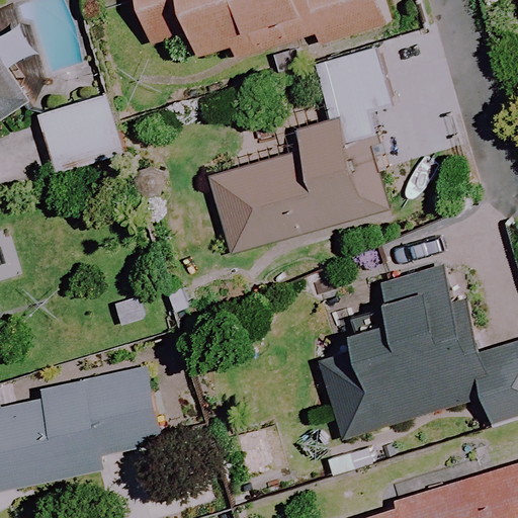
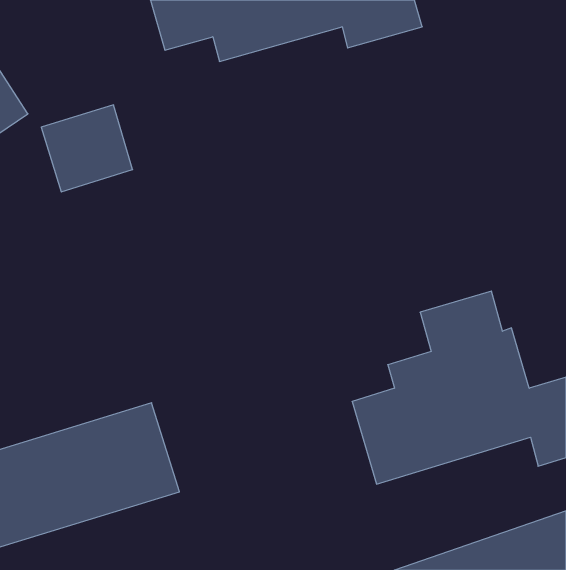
building: [208,47,392,253] -> none

